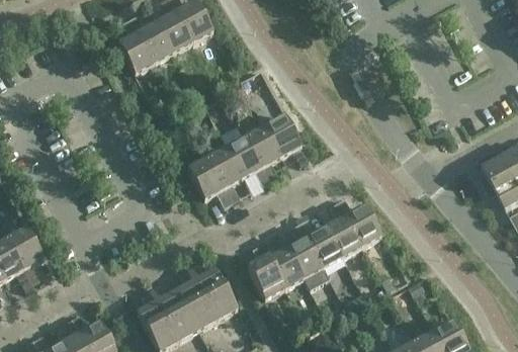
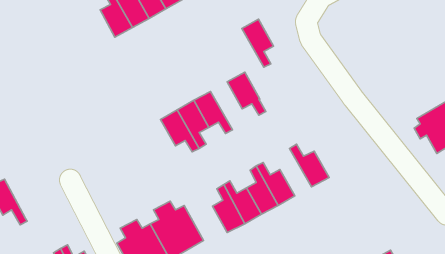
building: [245,125,281,181] -> [242,19,274,67]
building: [325,202,361,257] -> none
building: [7,227,44,283] -> none

